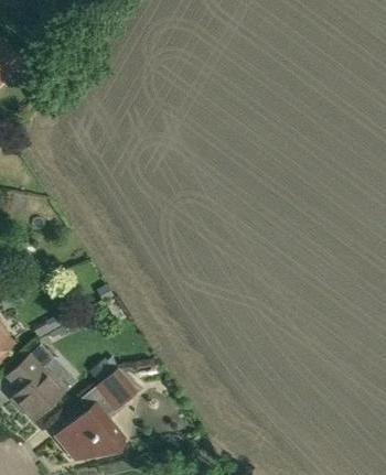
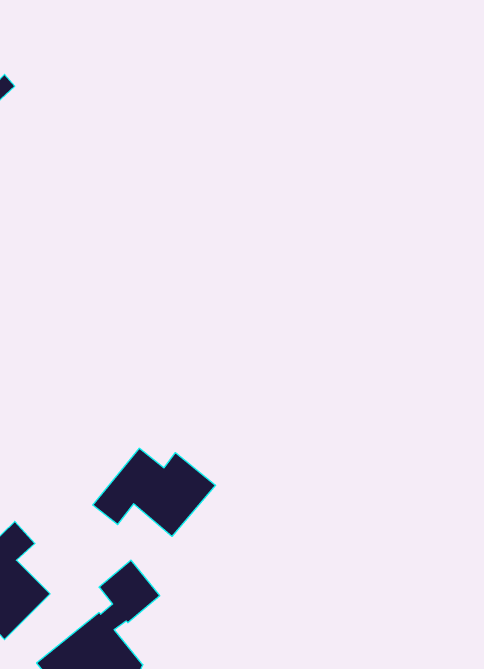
building: none -> [93,448,216,536]

